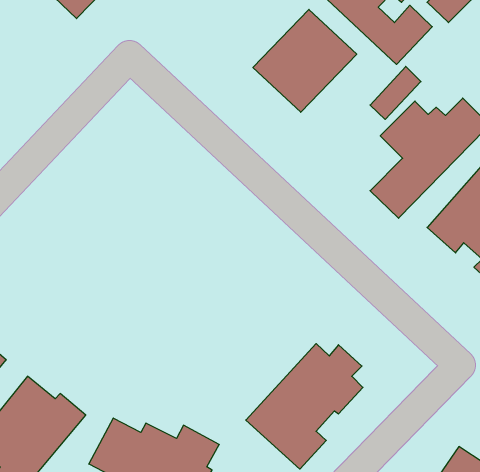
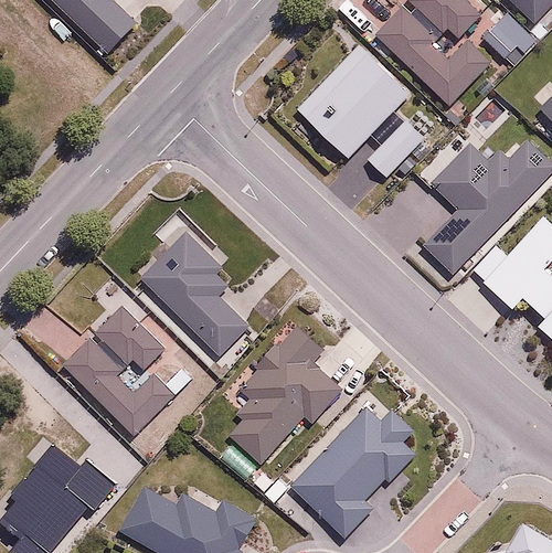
building: [370,66,421,119] -> [369,117,424,174]
building: none -> [139,231,248,358]
building: none -> [64,306,174,434]
building: none -> [221,328,341,468]

